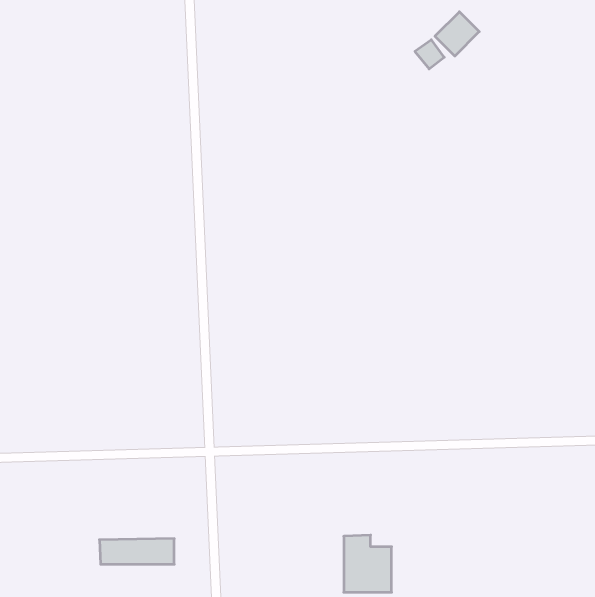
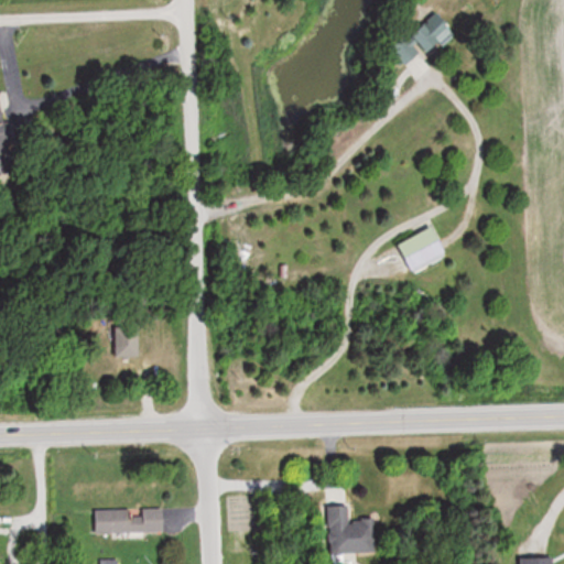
building: none -> [399,227,449,272]
building: none -> [112,327,141,359]

